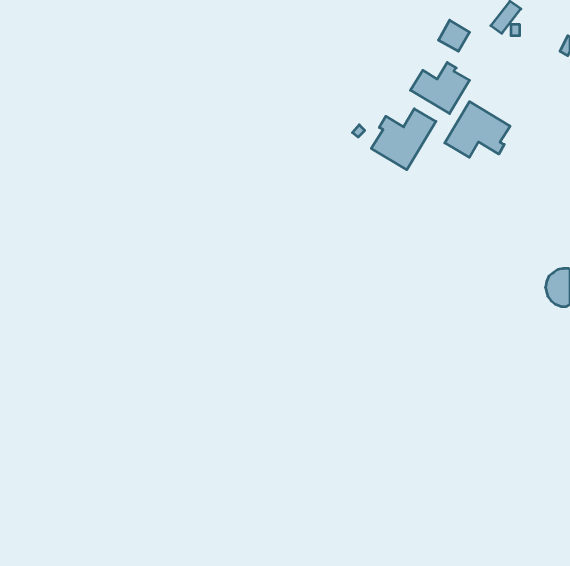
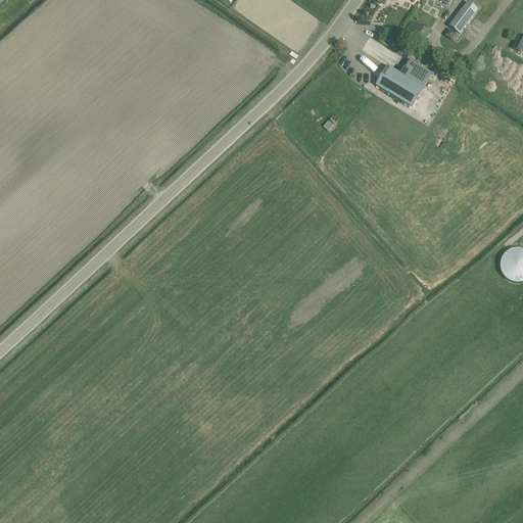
building: [445,102,510,157] -> none
building: [371,109,436,170] -> none

